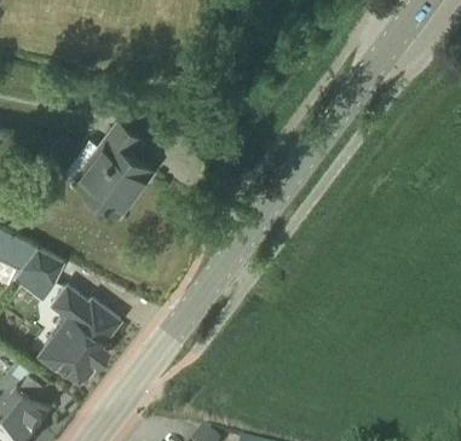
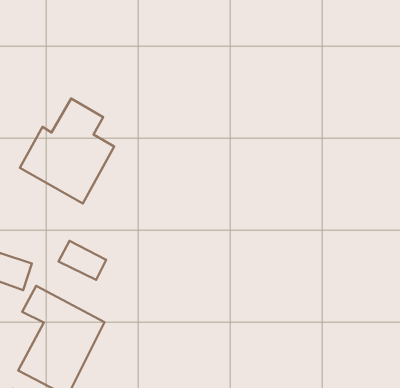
building: none -> [59,241,106,280]

